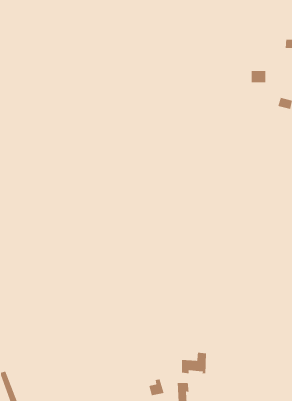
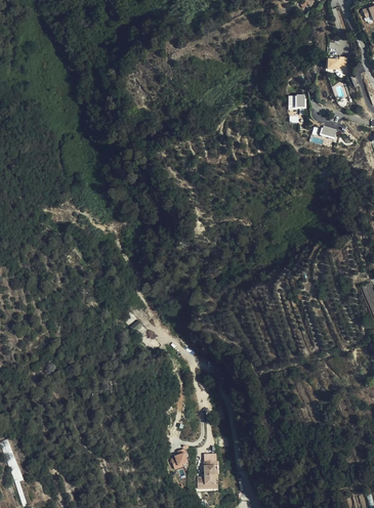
building: [181,352,206,374] -> none

